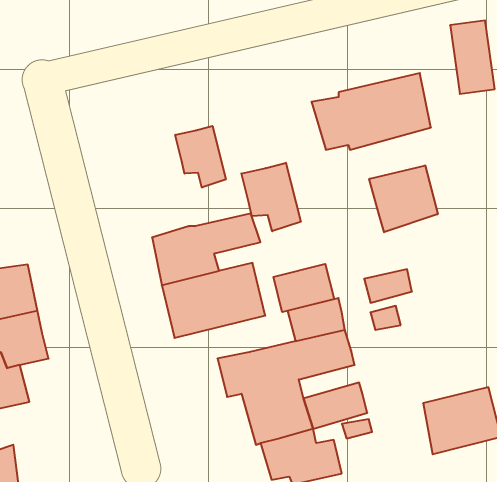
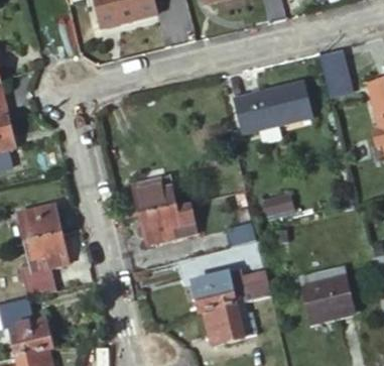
building: [175,126,226,188] -> none
building: [241,163,301,231] -> none
building: [369,165,438,232] -> none
building: [273,264,334,312] -> none

